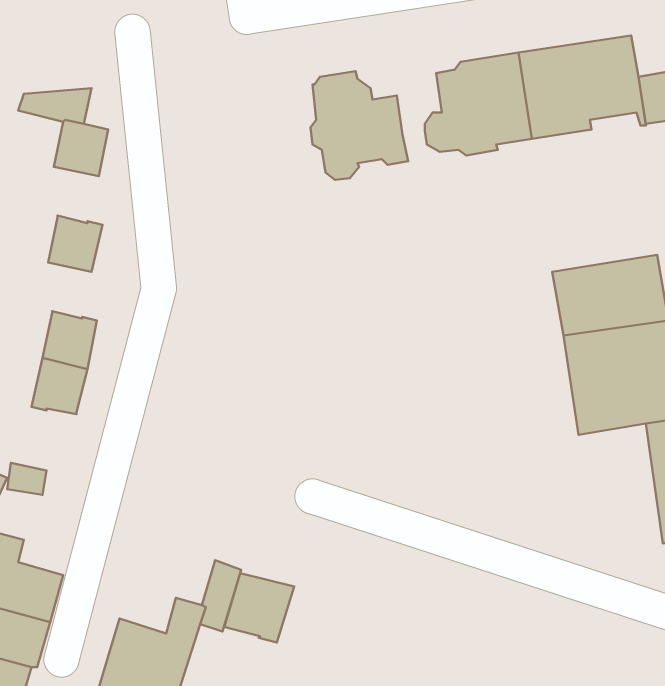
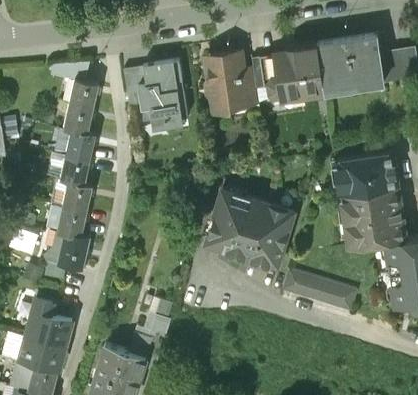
building: none -> [251,54,276,87]
building: none -> [123,59,187,127]
building: none -> [63,104,93,134]
building: none -> [60,155,89,185]
building: none -> [205,188,293,262]
building: none -> [46,232,89,268]
building: none -> [281,269,356,312]
building: [224,573,294,643] -> none

